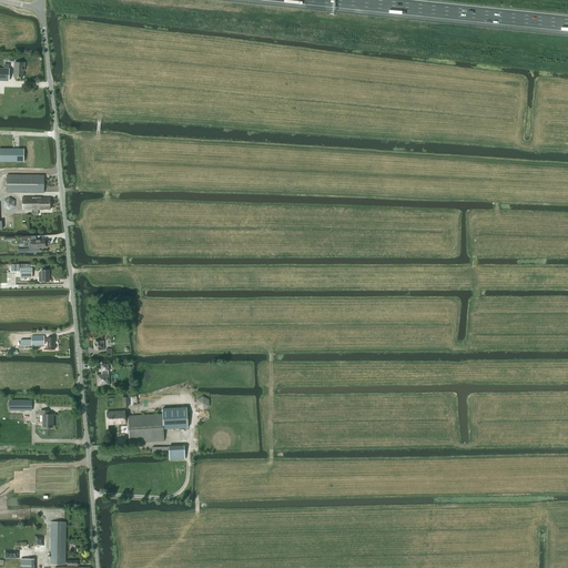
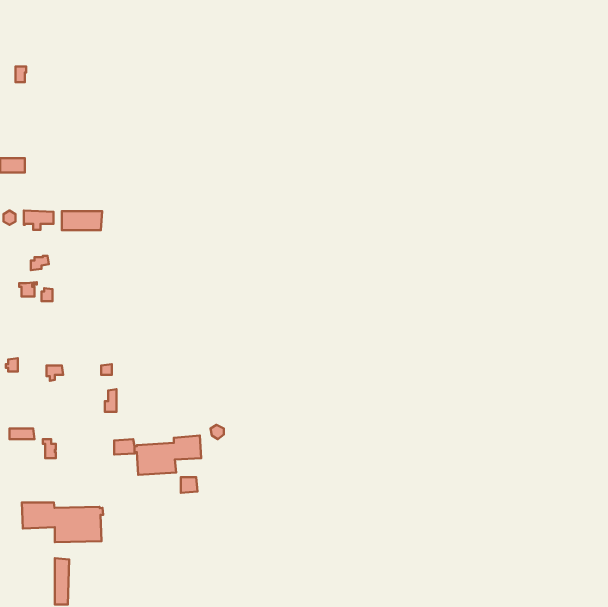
building: [7,174,44,192] -> [62,211,102,230]
building: none -> [22,502,103,542]

